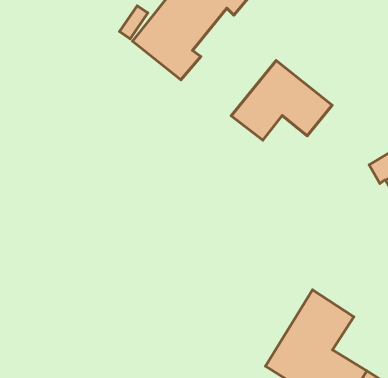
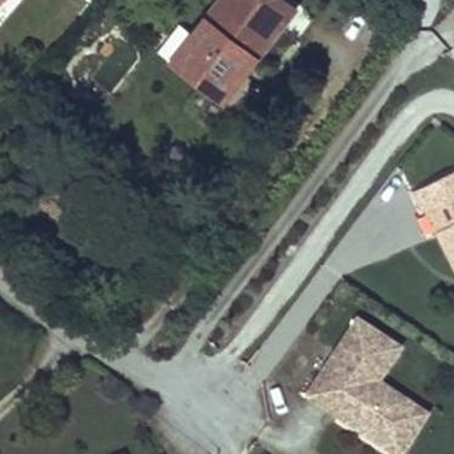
building: [231,61,332,140] -> none

